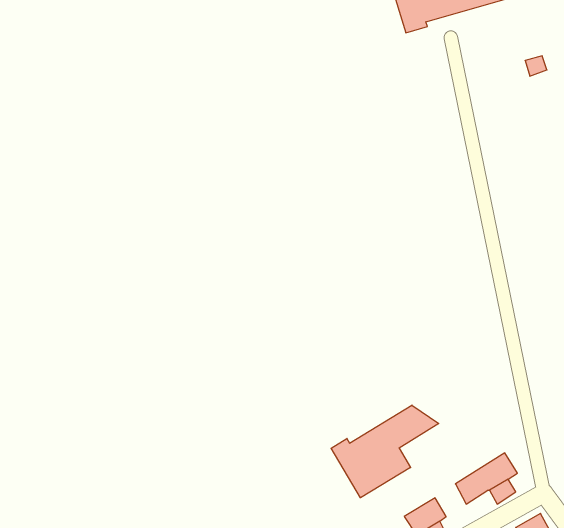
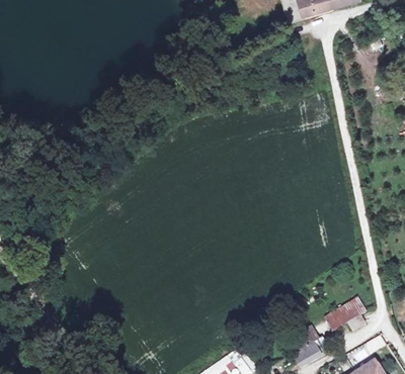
building: [331,405,439,498] -> none

